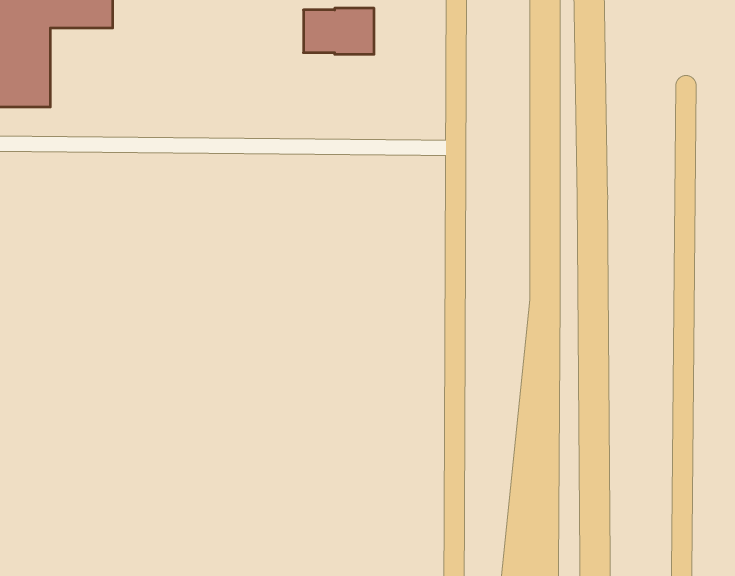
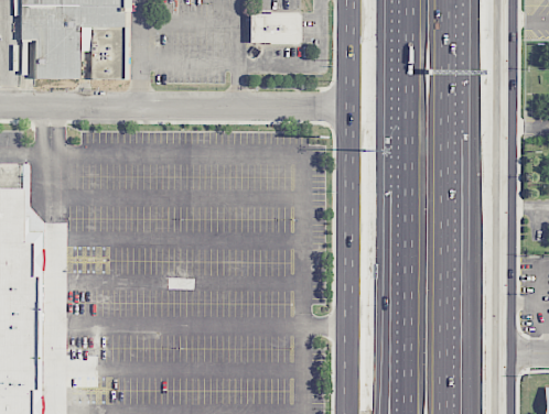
building: none -> [90,25,121,79]

